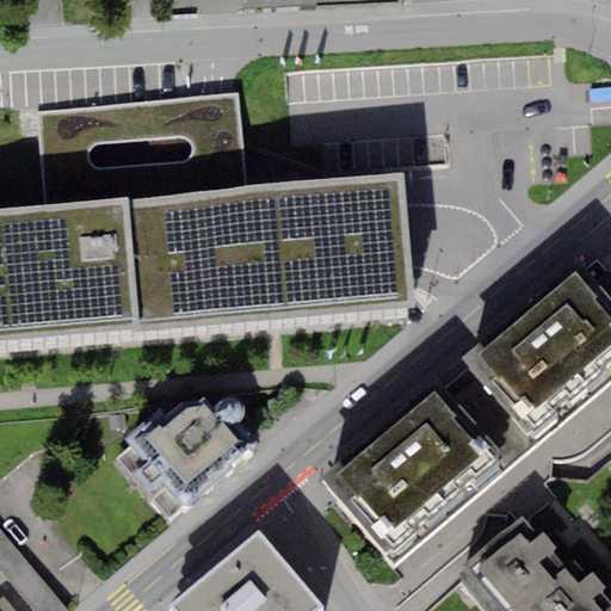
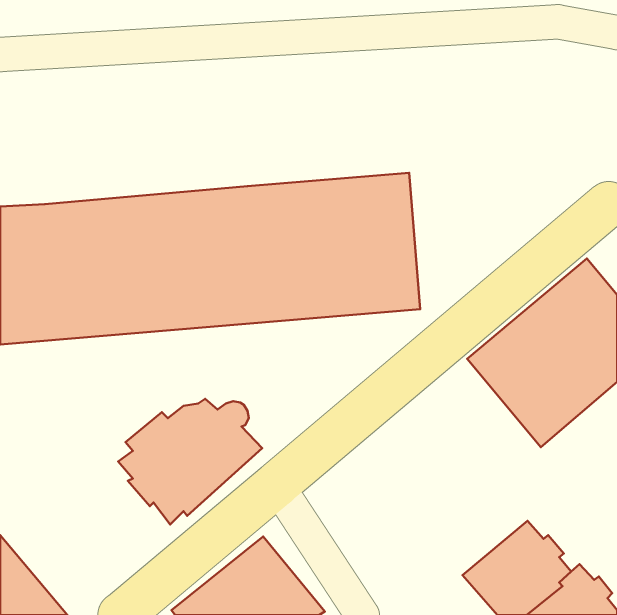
building: [37,94,245,202] -> none
building: [321,375,513,562] -> none

